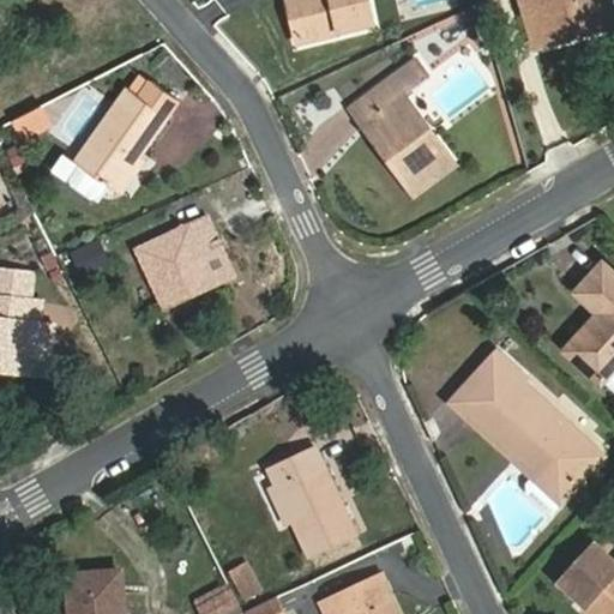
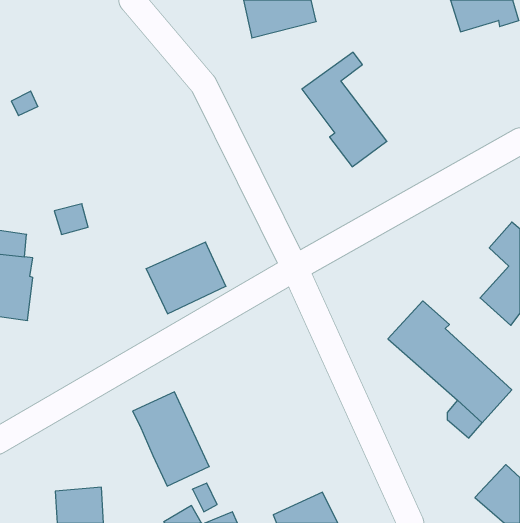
building: [73,78,177,189] -> none
building: [136,218,229,302] -> [146,242,226,314]
building: [265,447,355,558] -> [133,392,209,486]

